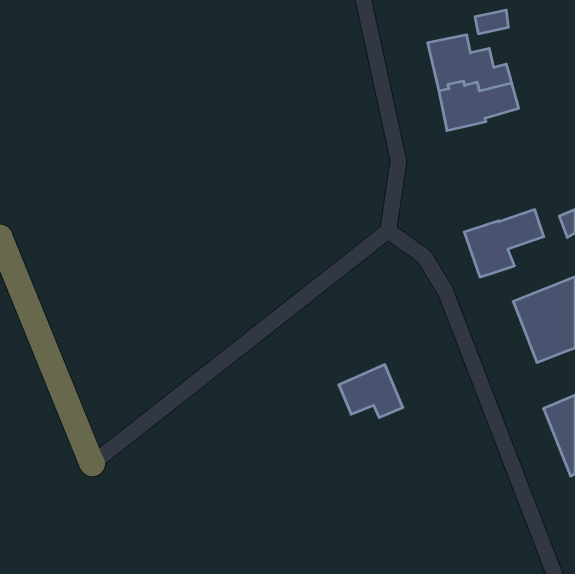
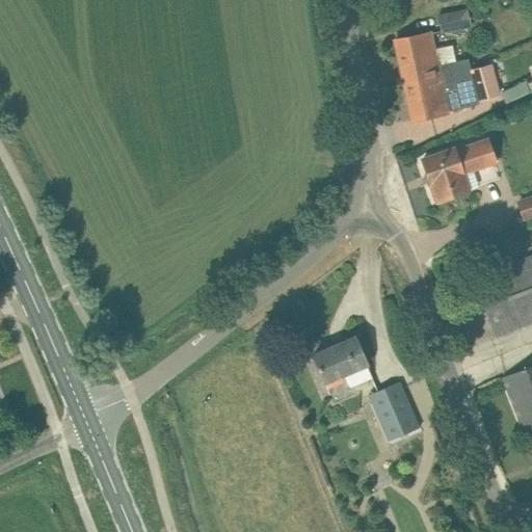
building: none -> [471,63,501,101]
building: [464,210,544,277] -> [422,139,496,202]
building: none -> [369,382,419,442]

